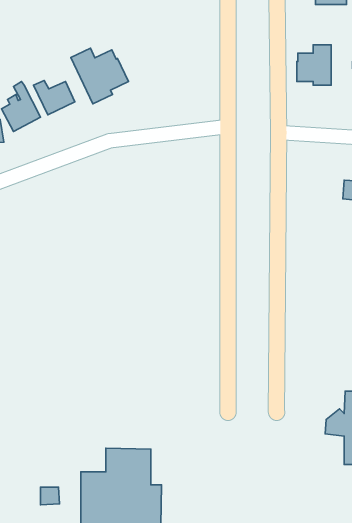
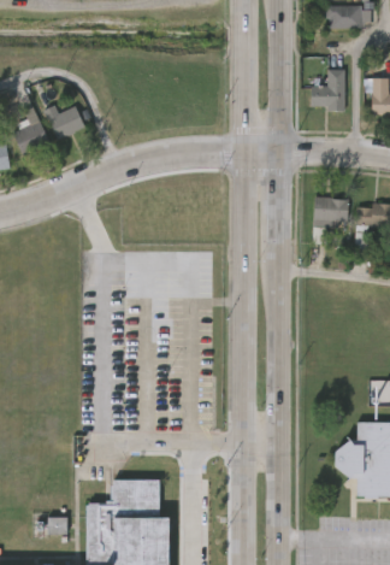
building: [71,48,129,104] -> none
building: none -> [314,196,350,228]

